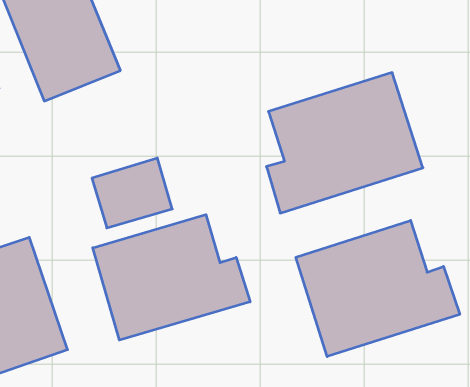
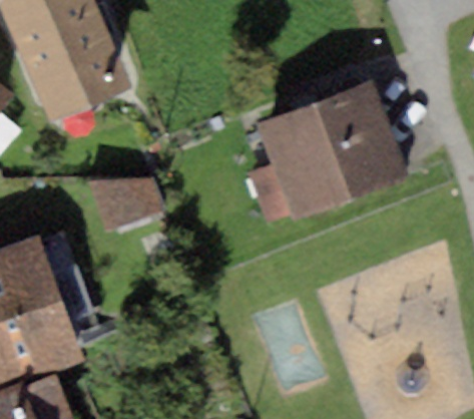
building: [93,215,250,340] -> none
building: [296,220,460,357] -> none

